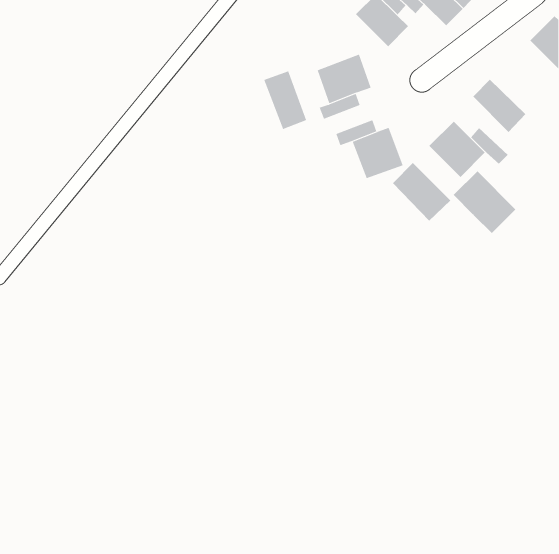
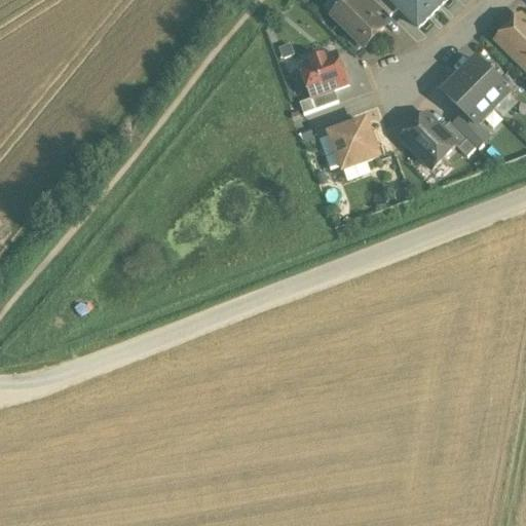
building: none -> [459,57,510,107]
building: [264,71,307,130] -> none
building: [392,162,451,221] -> none
building: [453,170,516,234] -> none

